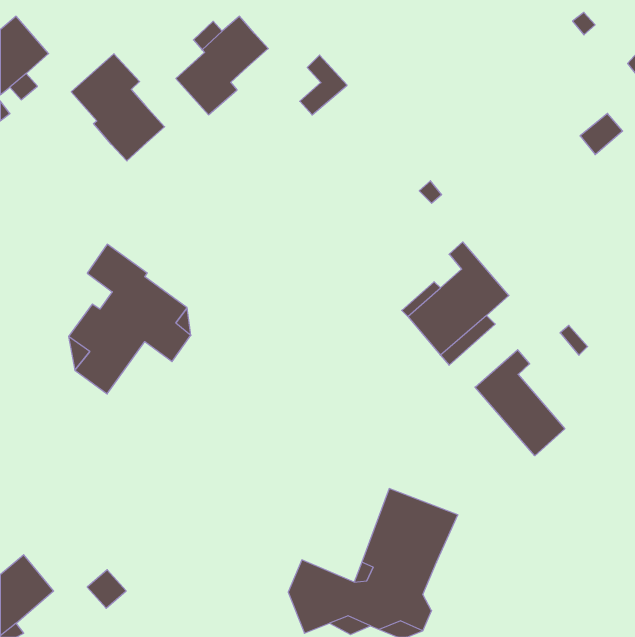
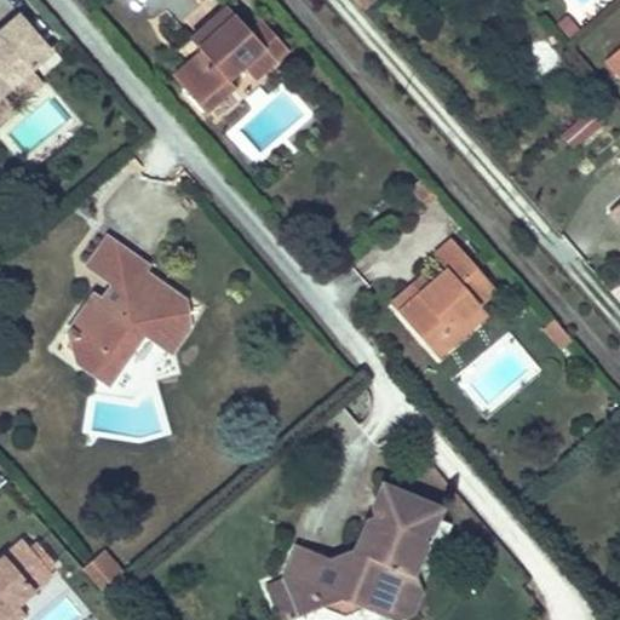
building: [71,54,165,161] -> none
building: [300,55,347,115] -> [242,21,288,79]
building: [475,350,565,456] -> none

